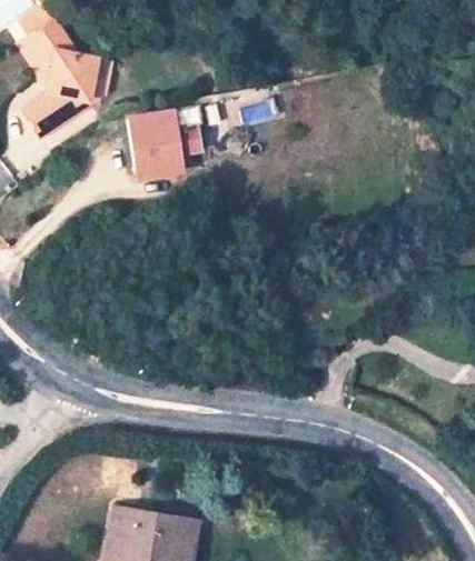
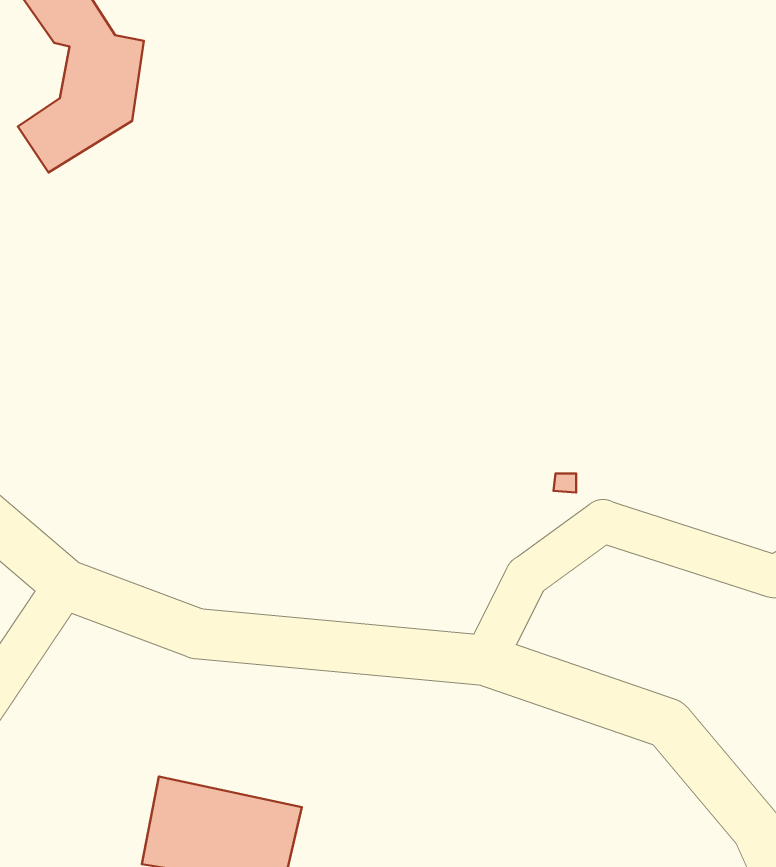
building: [133,117,181,176] -> none

